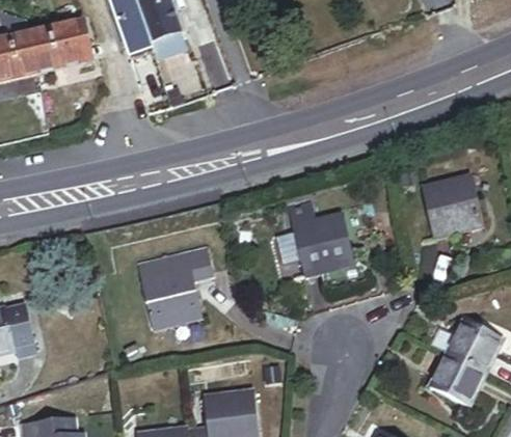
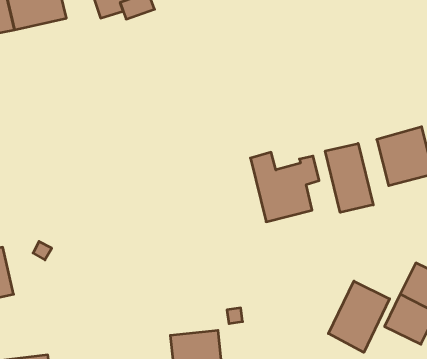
building: none -> [325,143,373,212]
building: [138,247,213,326] -> none
building: none -> [328,281,390,352]

